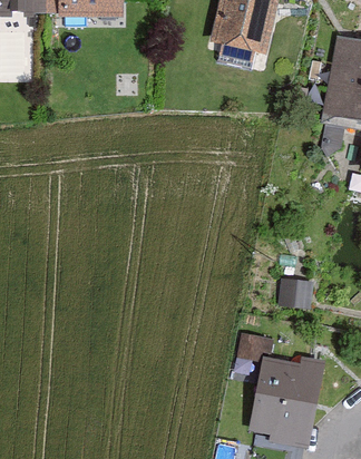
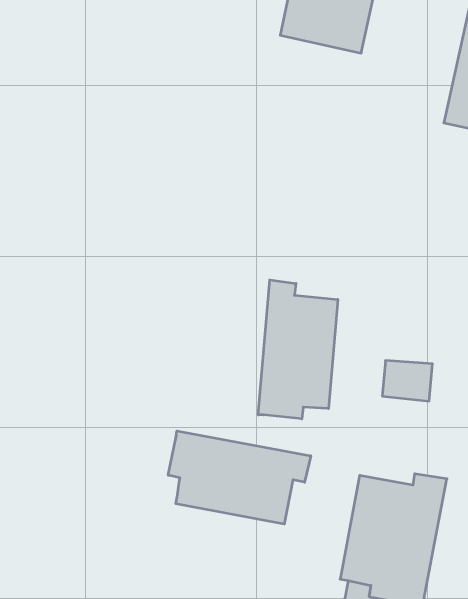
building: none -> [258,280,338,419]
building: none -> [168,431,311,524]

